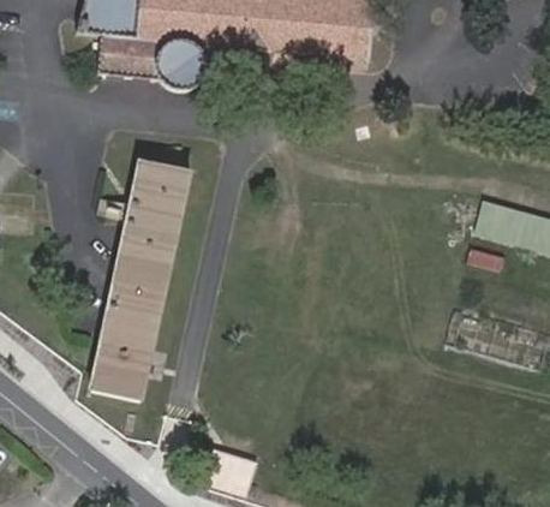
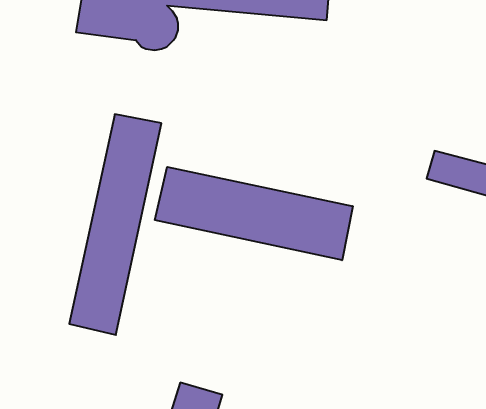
building: none -> [155,167,353,260]

